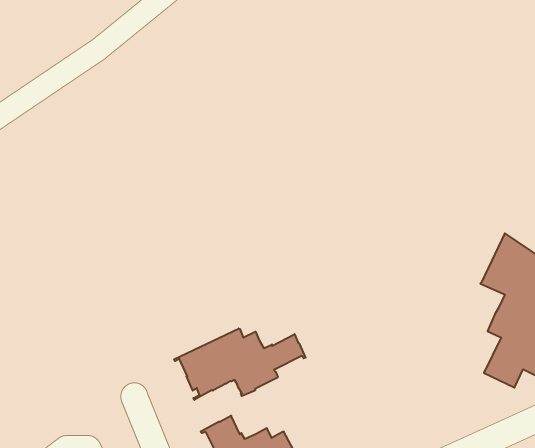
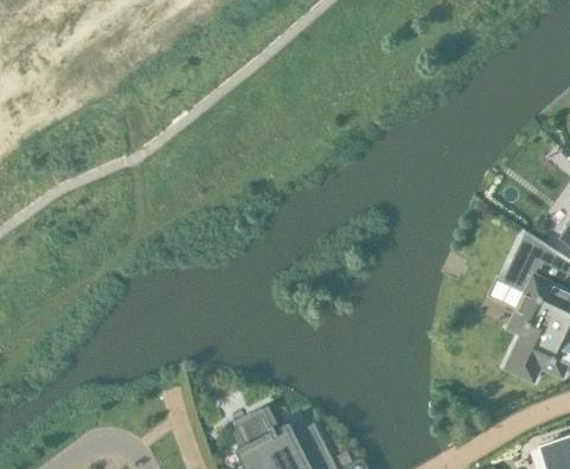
building: [174,328,306,400] -> none

